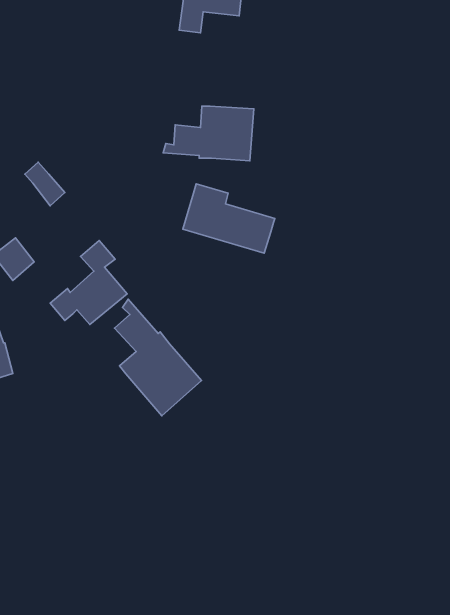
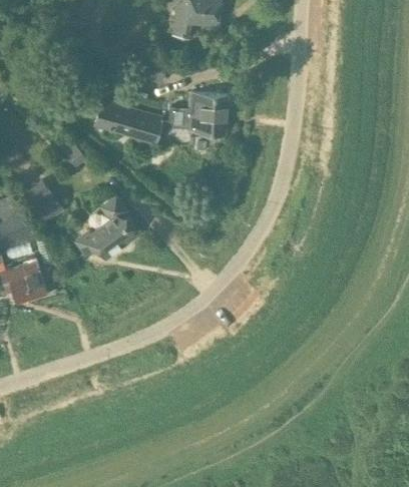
building: [183,184,275,253] -> [93,92,162,144]
building: [114,299,202,416] -> none

